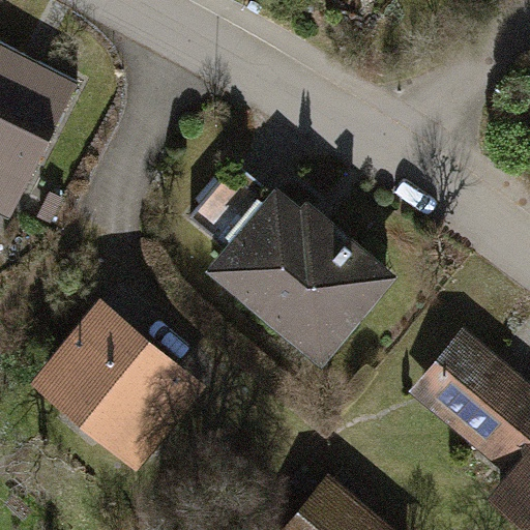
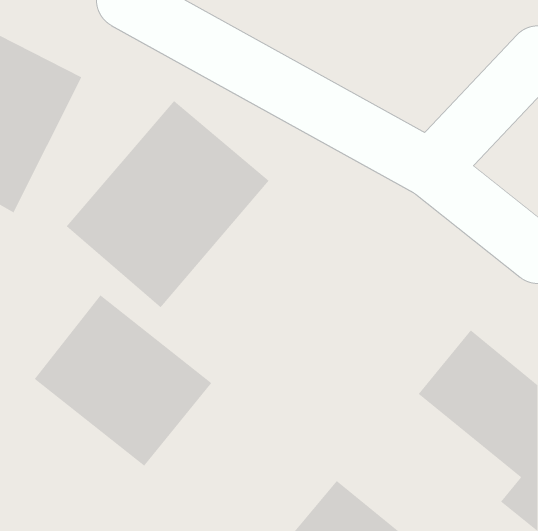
building: none -> [66,100,270,308]
building: [201,180,391,366] -> none

